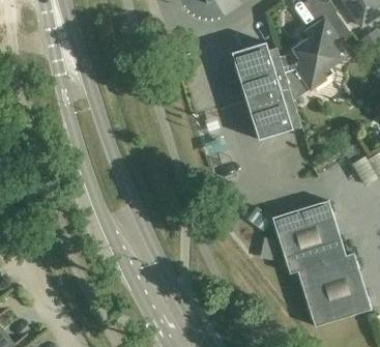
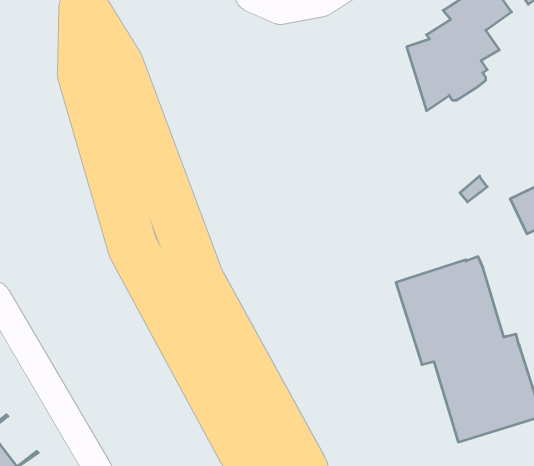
building: [231,41,300,140] -> none

